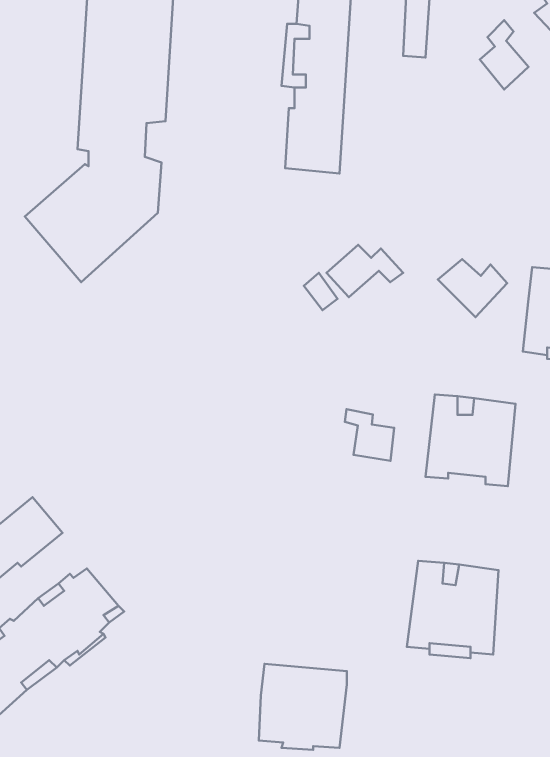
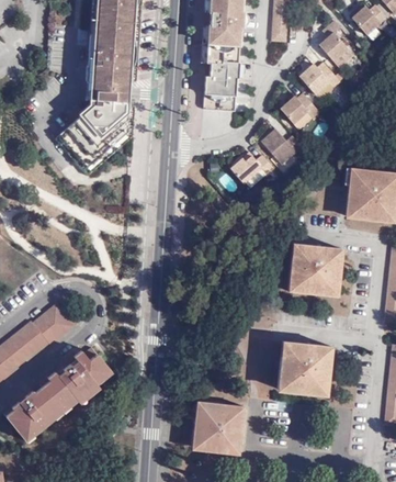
building: none -> [302,64,342,96]
building: none -> [283,96,321,126]
building: [438,259,507,317] -> [262,133,303,167]
building: [345,409,394,461] -> none

